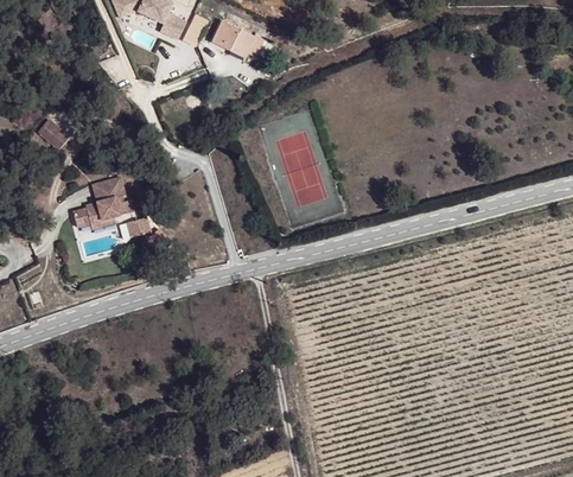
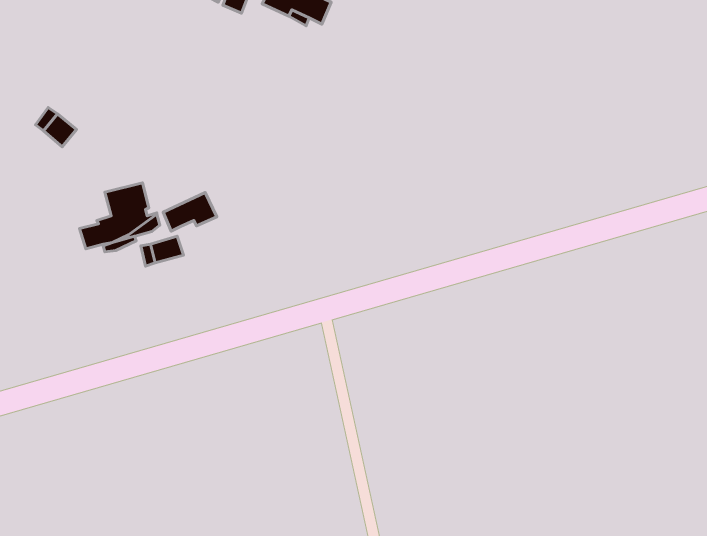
building: none -> [163,192,217,231]

